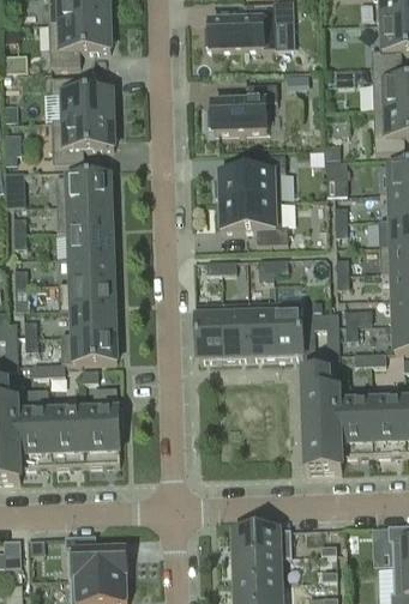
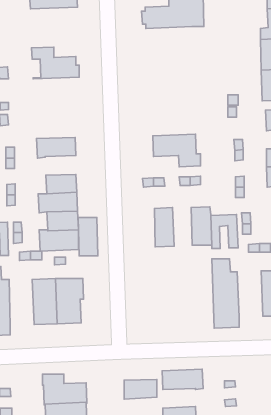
building: [49,20,115,66] -> none
building: [209,84,277,131] -> none
building: [53,119,119,164] -> none
building: [216,155,285,201] -> none
building: [56,175,112,205] -> none
building: [70,229,113,256] -> none
building: [248,302,276,356] -> none
building: [197,303,224,357] -> [78,217,98,256]
building: [339,391,375,455] -> none
building: [19,403,54,467] -> none
building: [235,556,281,584] -> [124,379,157,399]

